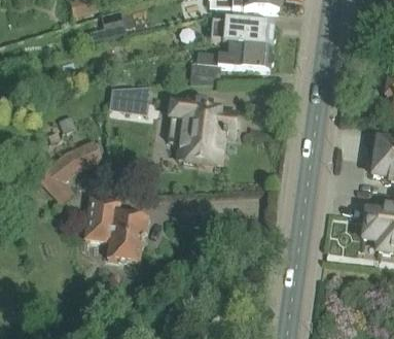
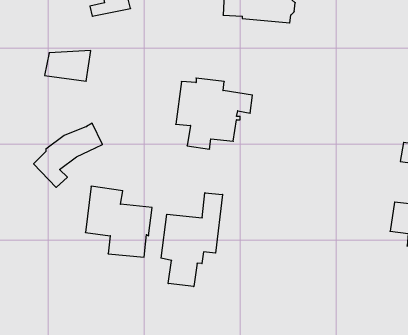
building: [189,41,274,82] -> none
building: [109,82,151,110] -> [45,51,91,81]
building: none -> [161,193,223,287]

